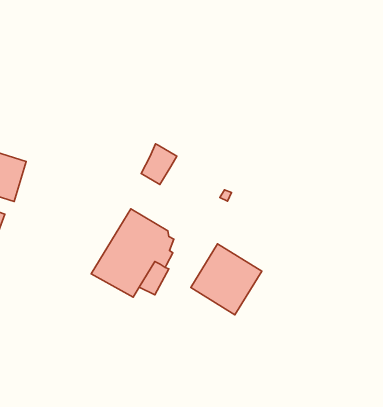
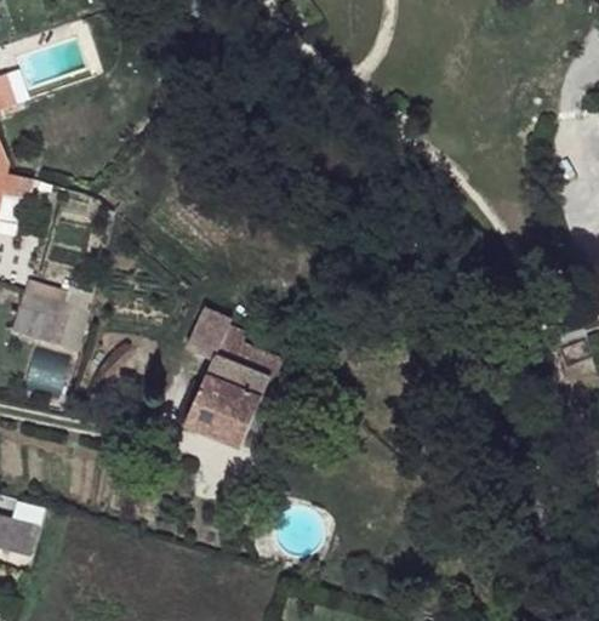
building: [141,144,177,184] -> [187,307,230,359]
building: [191,244,262,315] -> none

